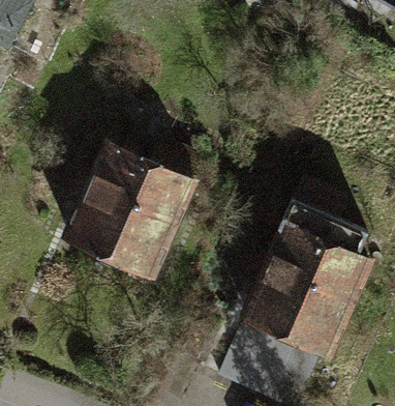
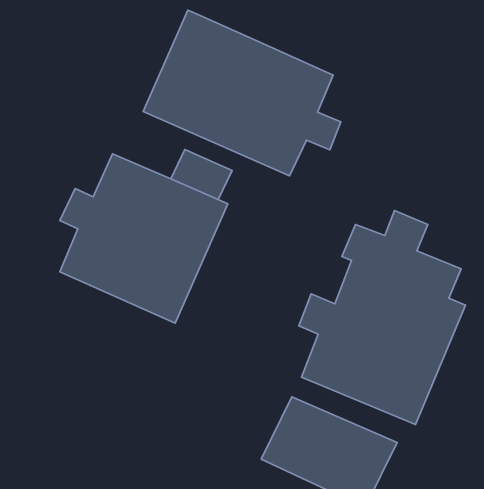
building: none -> [143,10,341,176]

